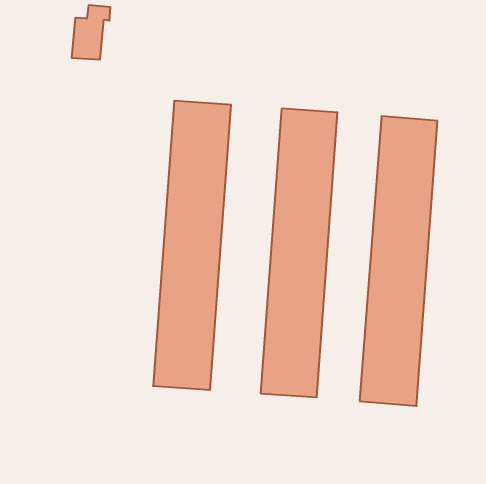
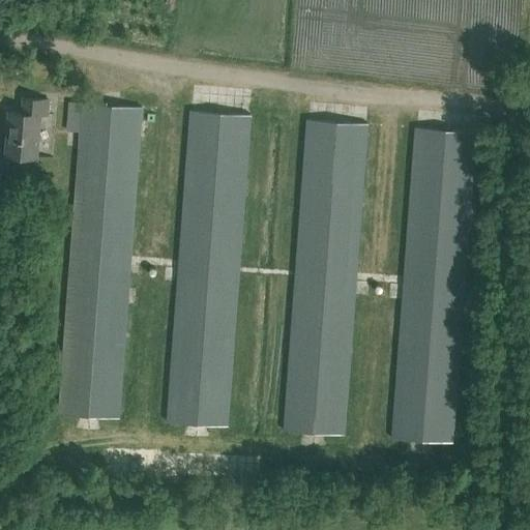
building: [72,5,110,60] -> [5,100,48,159]
building: none -> [59,105,141,418]

